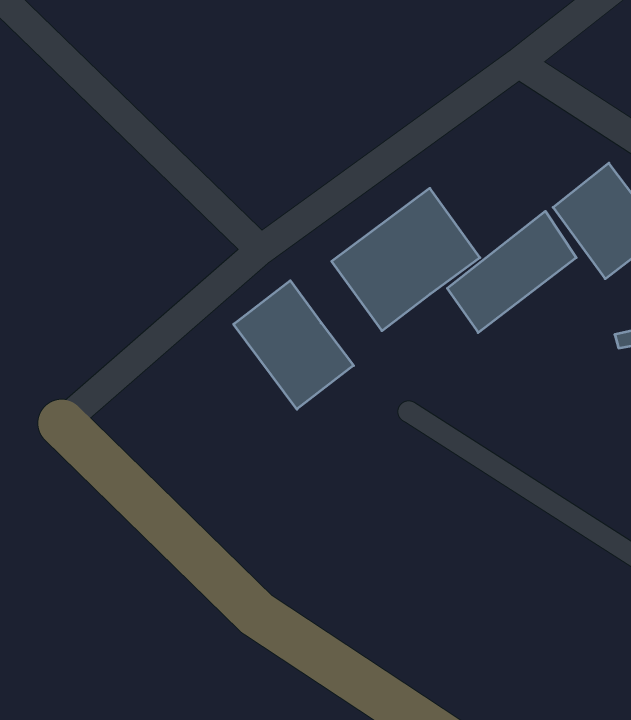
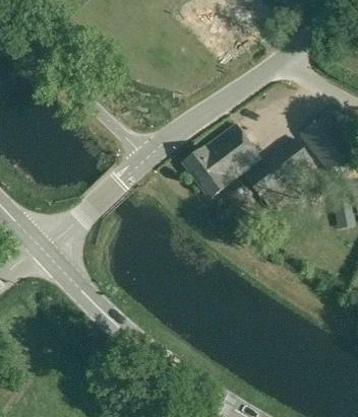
building: [234,281,354,409] -> none

